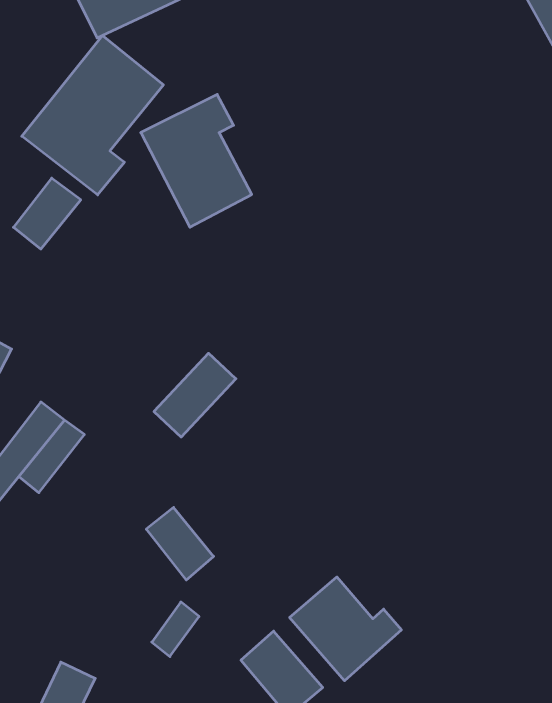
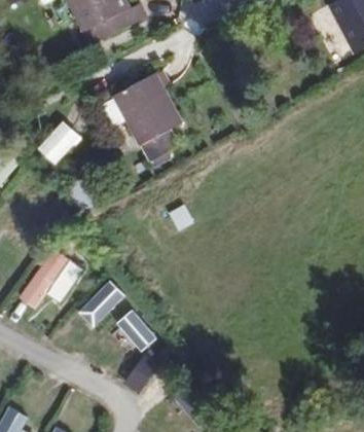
building: [22,35,163,195] -> none
building: [154,353,236,437] -> [79,281,125,328]
building: [290,577,401,681] -> none

